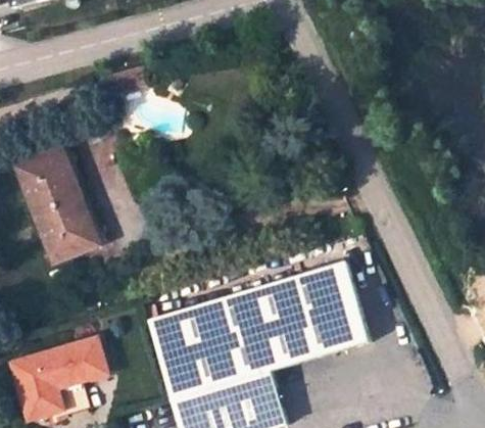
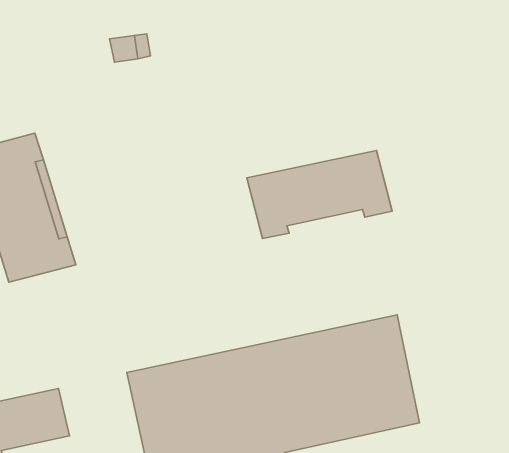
building: none -> [247,151,392,238]

